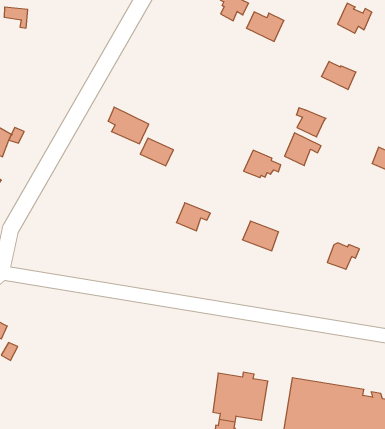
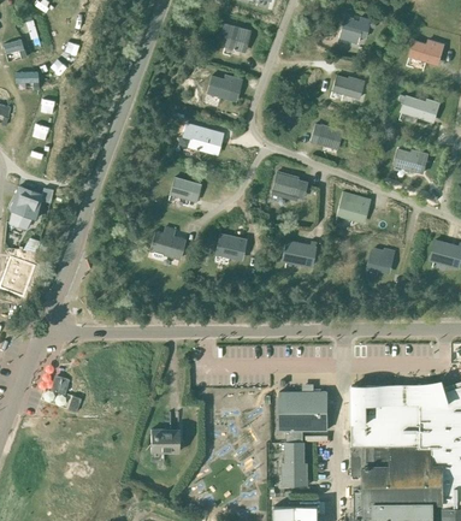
building: [246,12,284,41] -> [207,75,242,101]
building: [108,107,149,144] -> [183,123,223,154]
building: [285,133,321,166] -> [337,191,371,221]
building: none -> [150,227,185,259]
building: none -> [152,430,179,451]

